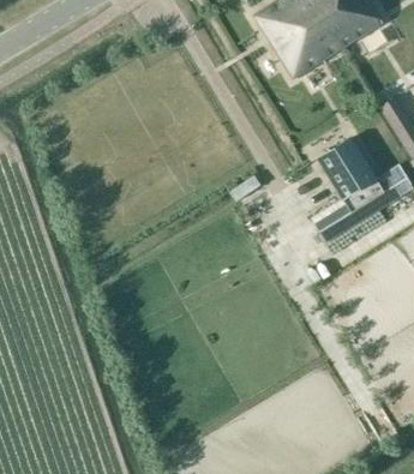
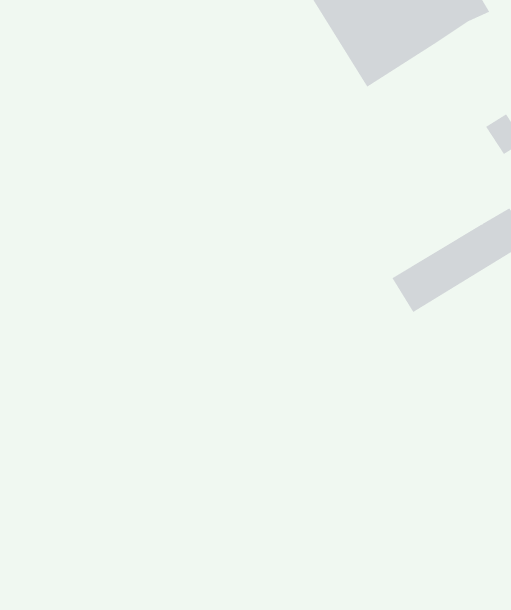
building: [317,136,378,199] -> none

